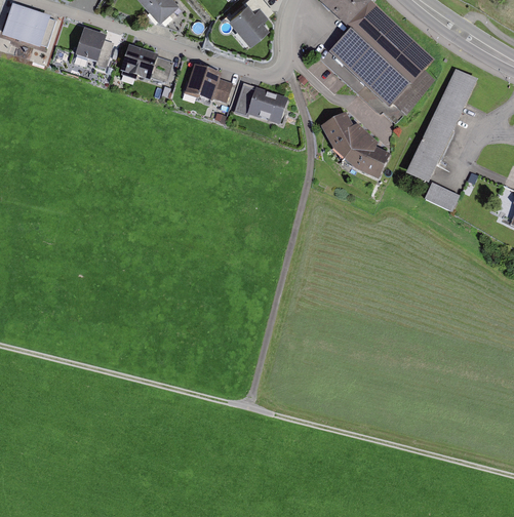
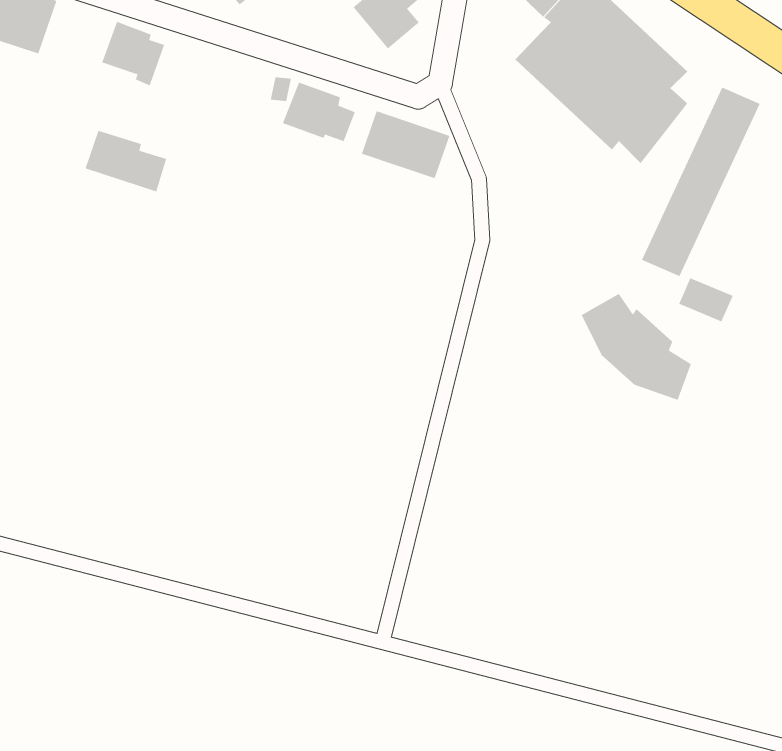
building: [122,45,172,83] -> [84,130,167,192]
building: [322,115,390,181] -> [580,293,692,401]

